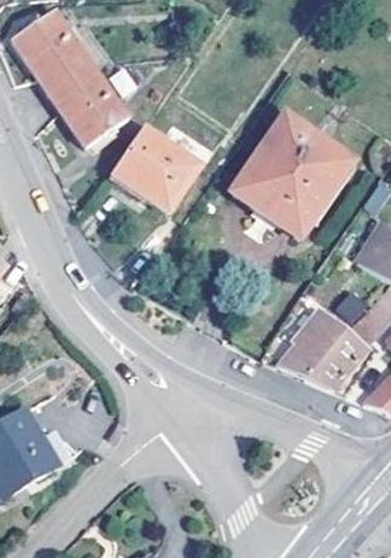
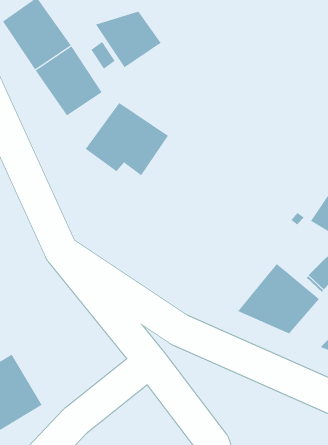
building: none -> [95,11,162,68]
building: [234,114,351,233] -> none

